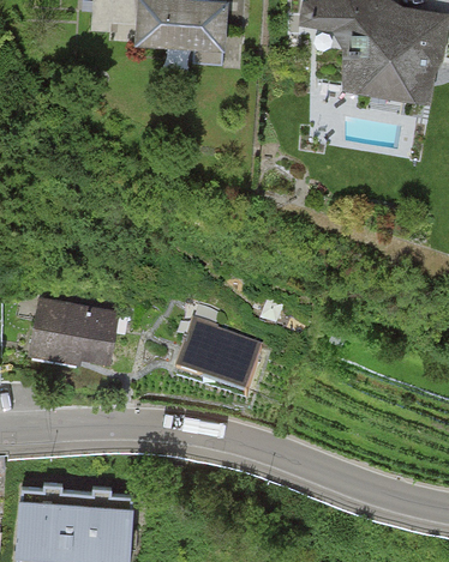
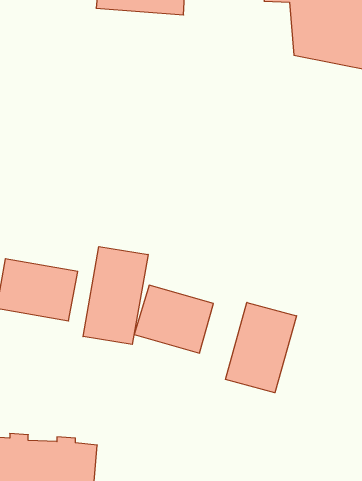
building: none -> [83,247,148,344]
building: none -> [225,302,297,393]

